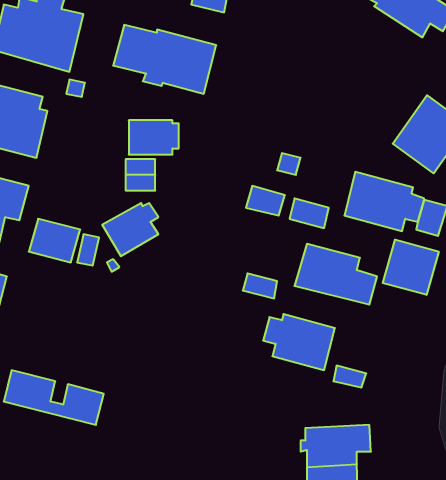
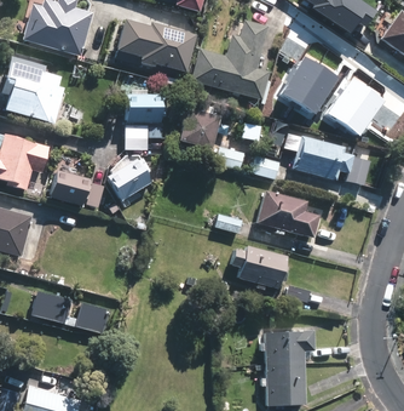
building: none -> [191,19,270,99]
building: none -> [284,56,340,114]
building: none -> [179,108,220,148]
building: [383,240,439,295] -> none

